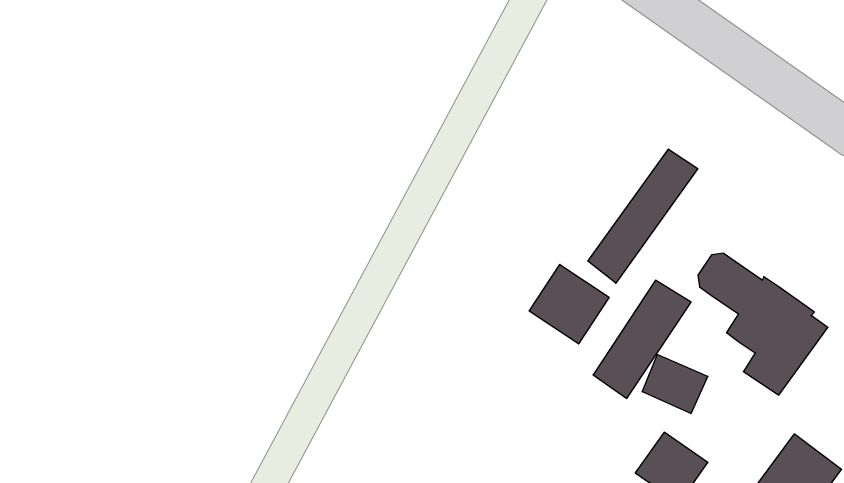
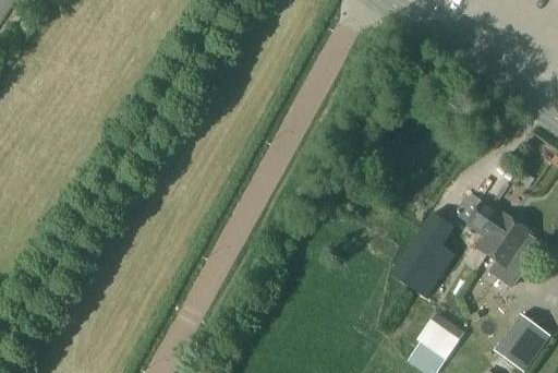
building: [588,149,698,283] -> none
building: [529,264,609,344] -> none

